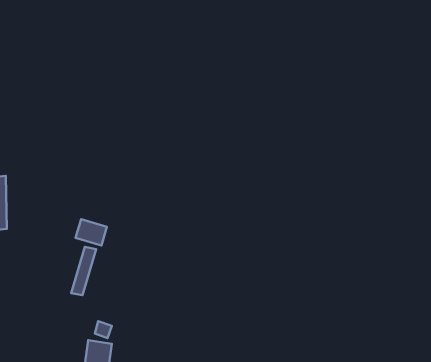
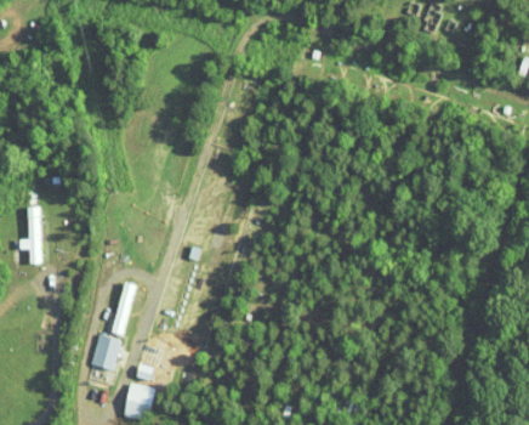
building: [76,219,107,245] -> none
building: none -> [91,333,121,369]

